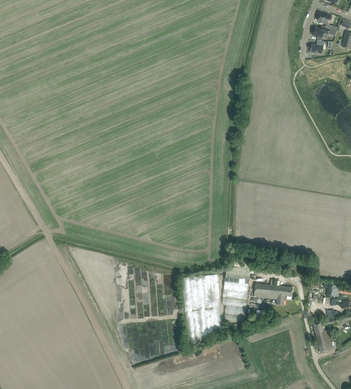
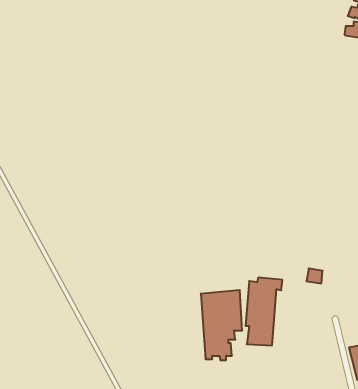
building: [254,284,293,305] -> none

